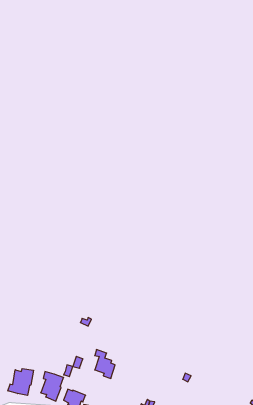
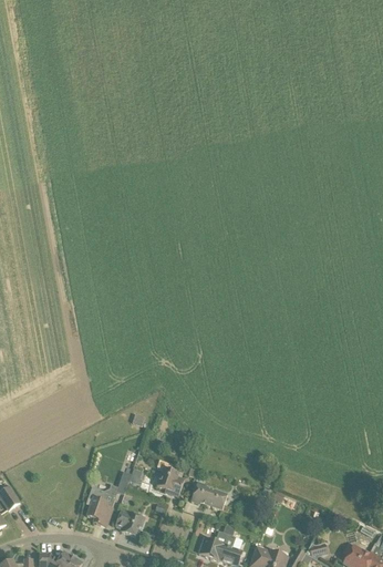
building: none -> [190,484,227,511]
building: [8,369,33,395] -> none

